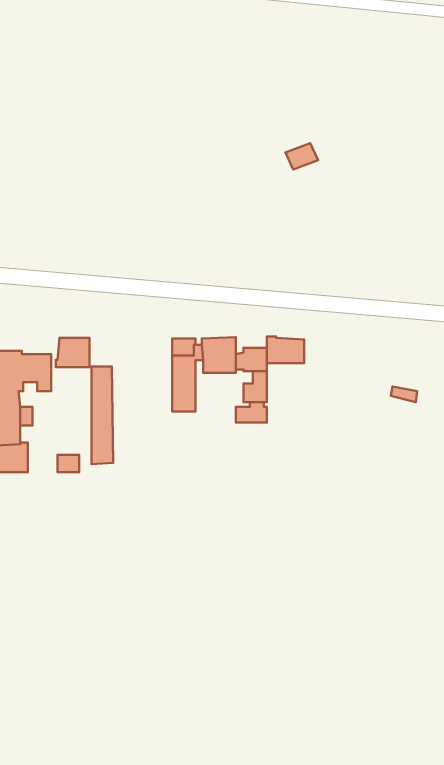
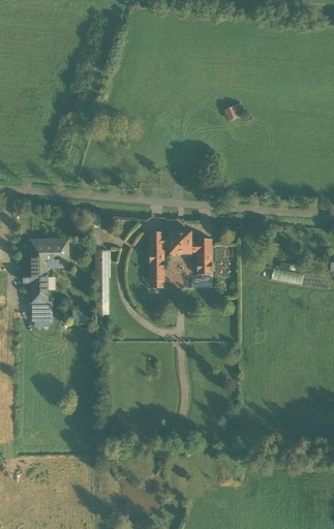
building: [267,337,304,363] -> none
building: [56,338,89,367] -> none

